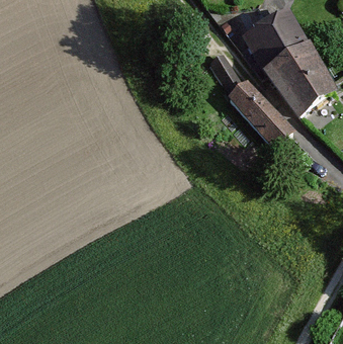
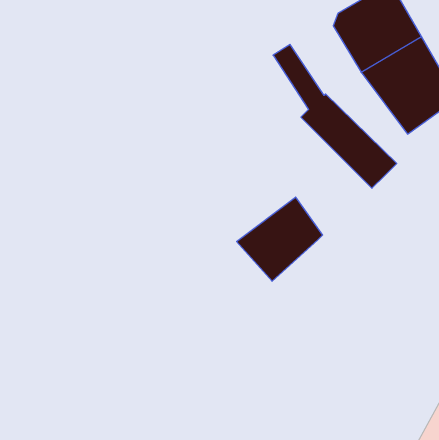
building: none -> [237,197,323,281]

